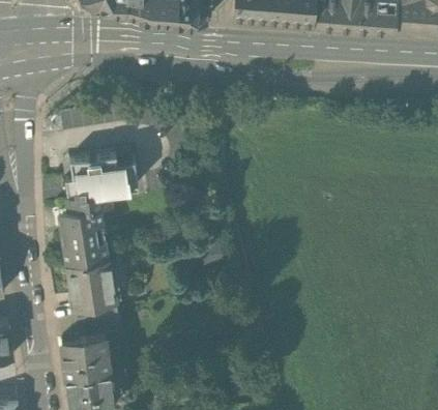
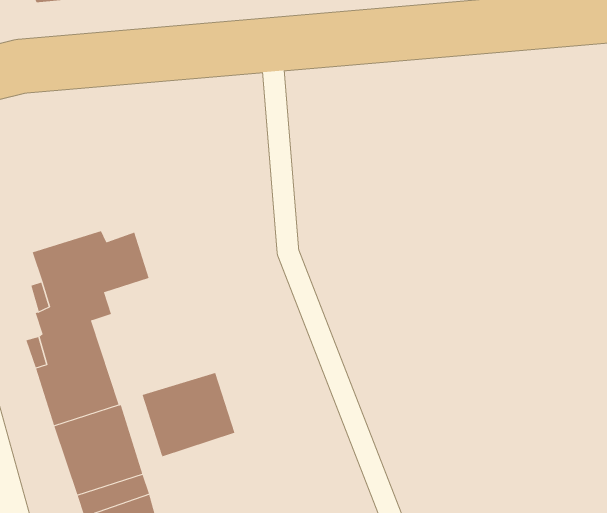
building: none -> [142,372,235,457]

